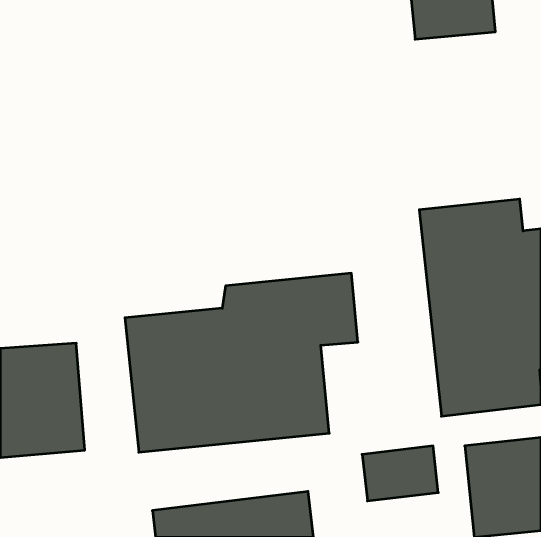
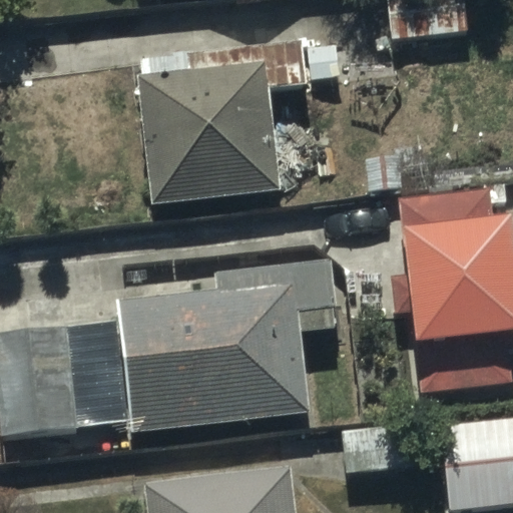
building: none -> [138,61,286,206]

